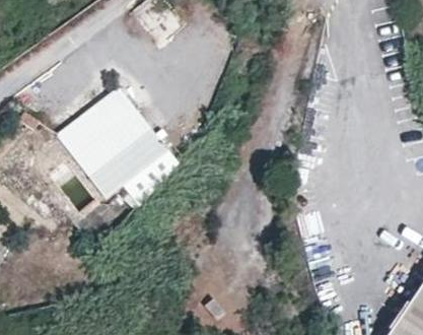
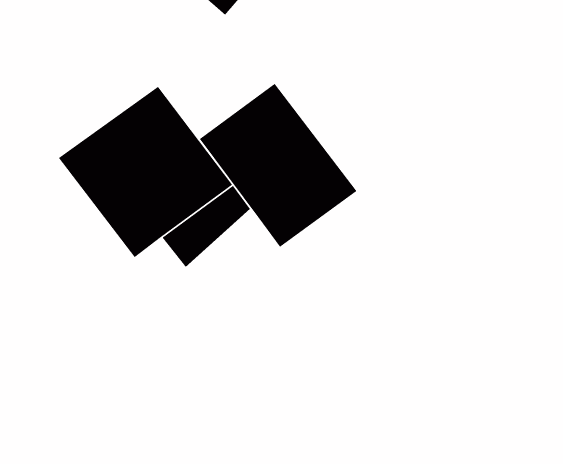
building: none -> [199,83,358,248]

